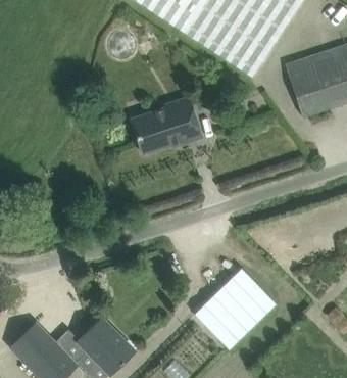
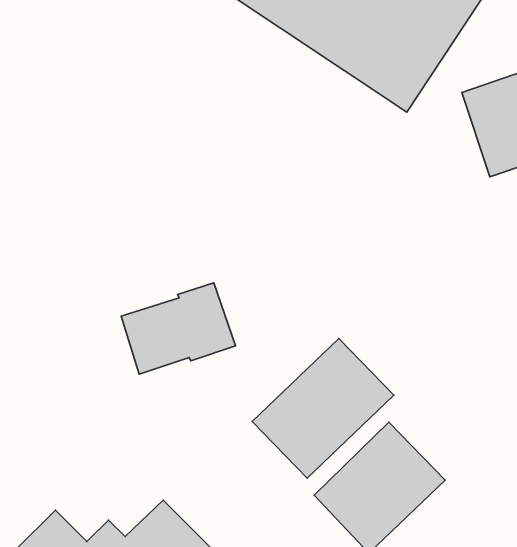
building: [132,98,202,154] -> [121,283,235,374]
building: none -> [252,339,394,478]

